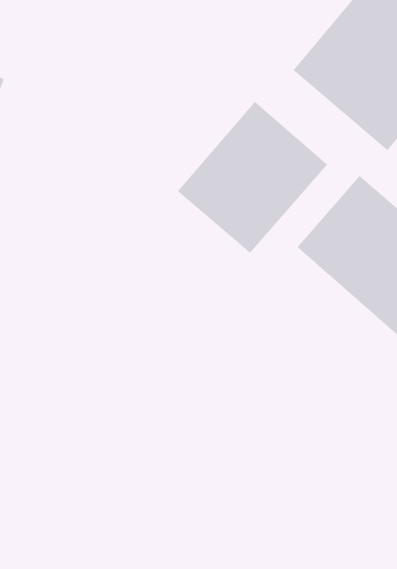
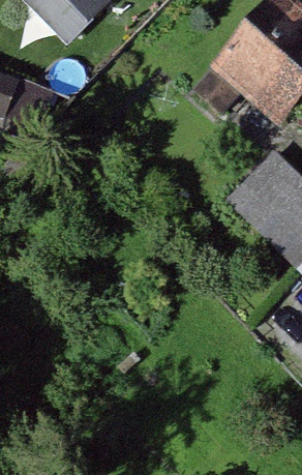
building: [177,101,328,254] -> none

